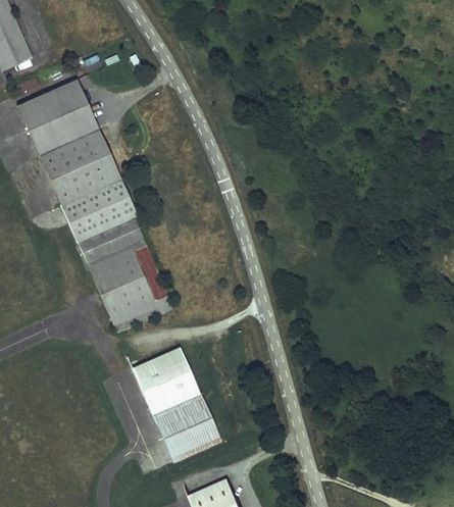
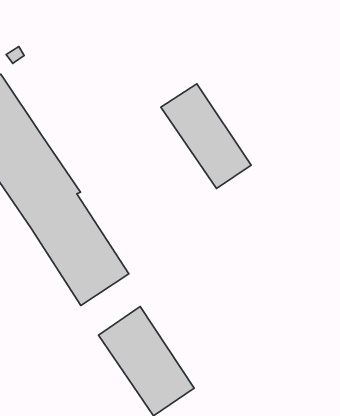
building: none -> [161,84,251,189]

